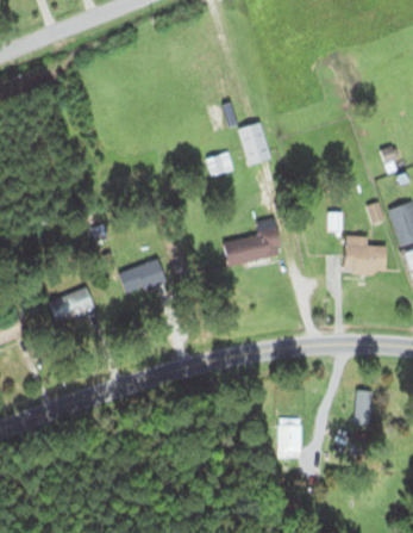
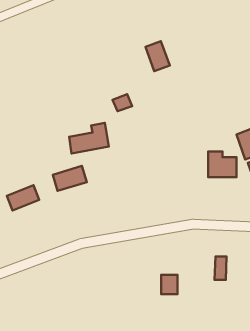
building: [237,122,273,166] -> [145,41,170,71]
building: [224,221,282,266] -> [69,123,109,154]

